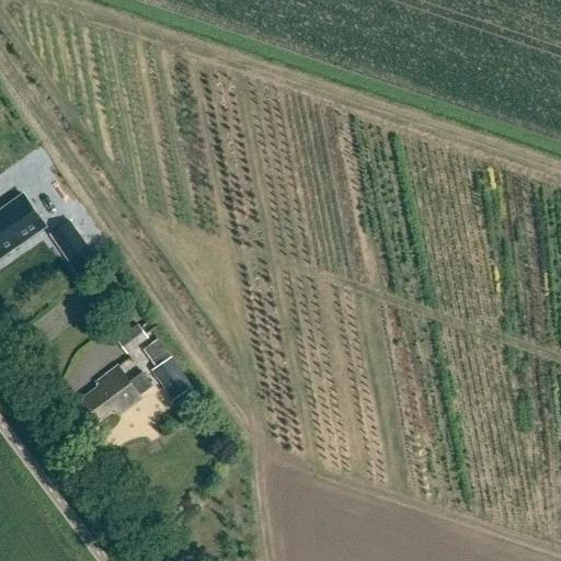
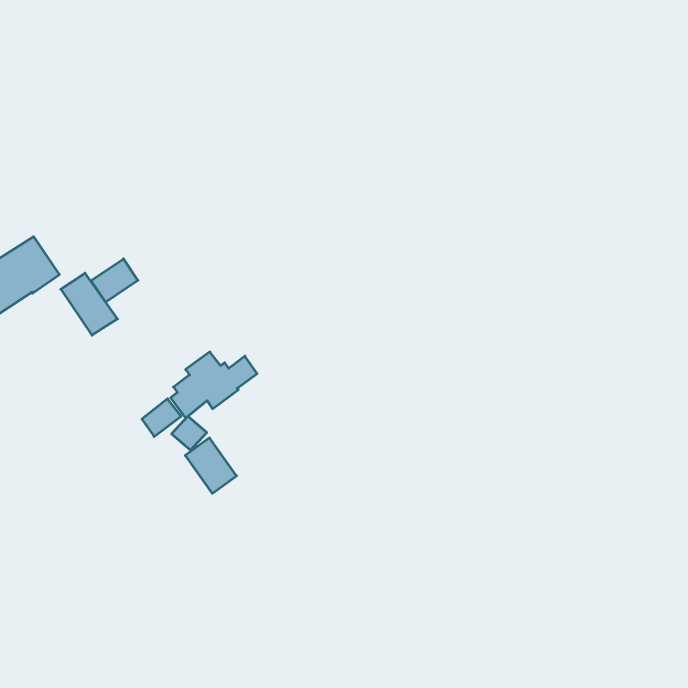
building: none -> [91,259,138,302]
building: [81,368,151,422] -> [171,352,257,418]

